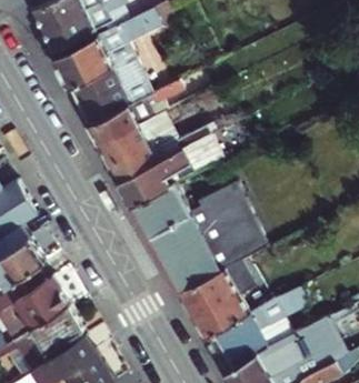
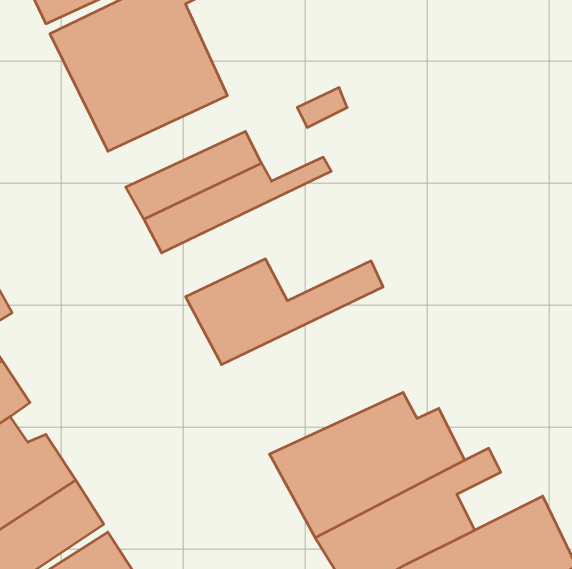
building: [87,80,181,142] -> none
building: [117,133,225,203] -> none
building: [150,198,265,291] -> none

